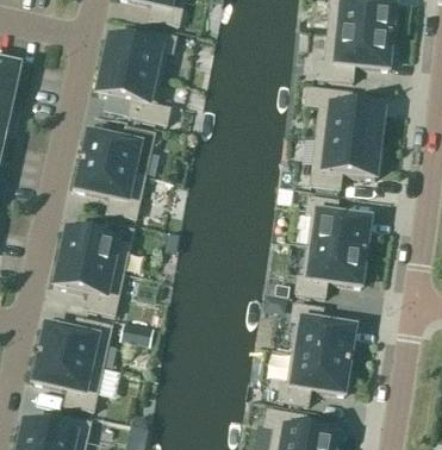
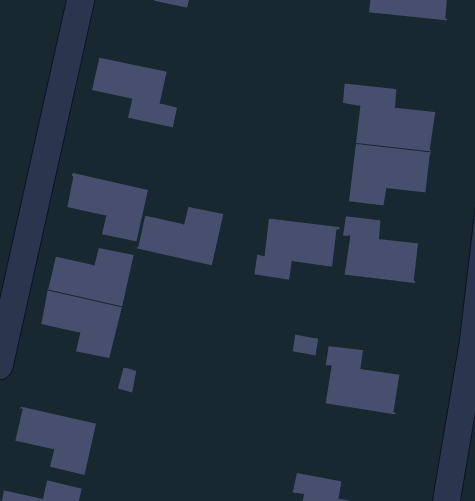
building: [313,27,393,80] -> none
building: [105,29,176,76] -> none
building: [83,125,156,174] -> [136,207,224,266]
building: [295,244,367,295] -> [254,218,340,280]
building: [41,318,113,367] -> none
building: [279,350,350,402] -> none

